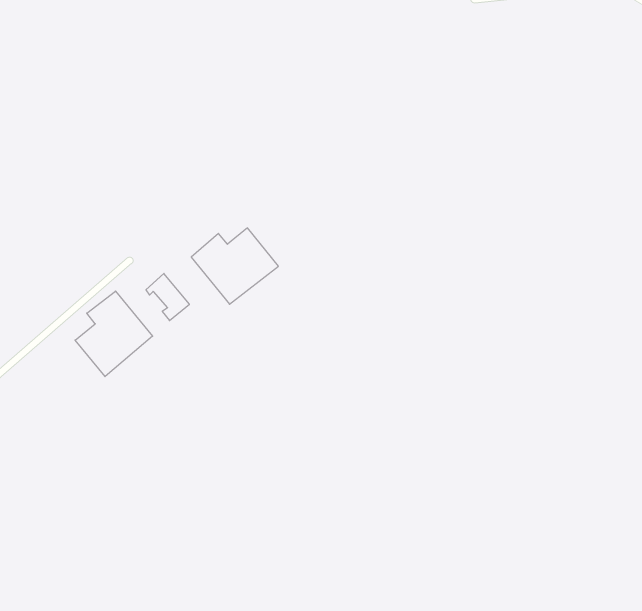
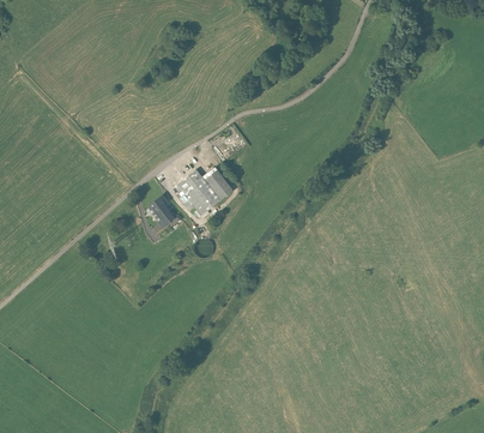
building: [75,291,153,377] -> none

